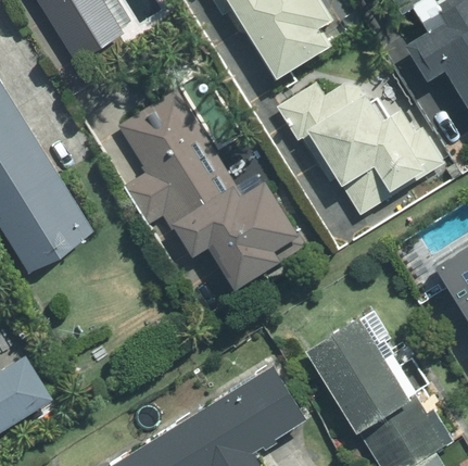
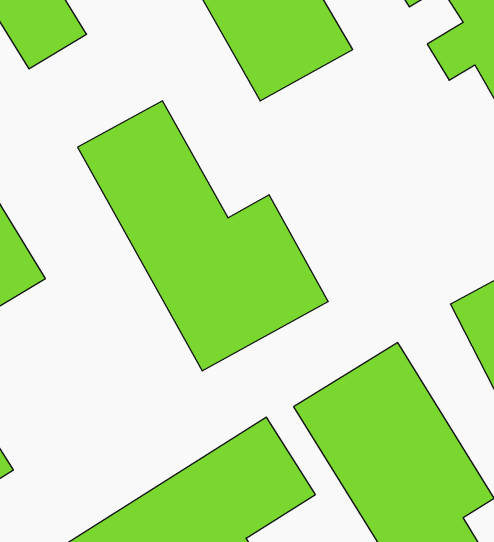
building: [286,54,433,198] -> none

